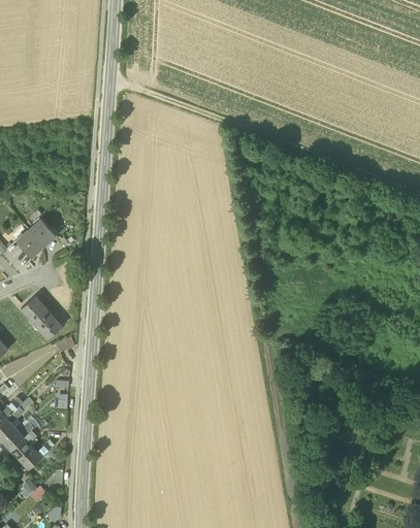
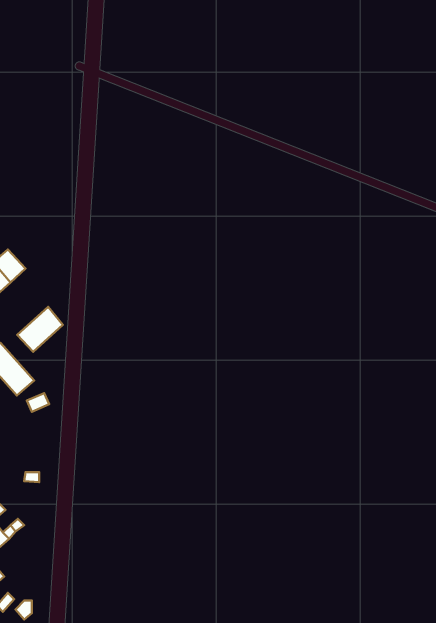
building: none -> [17,307,63,352]

